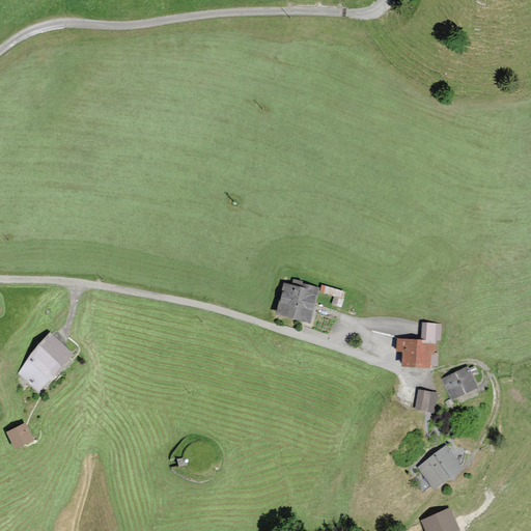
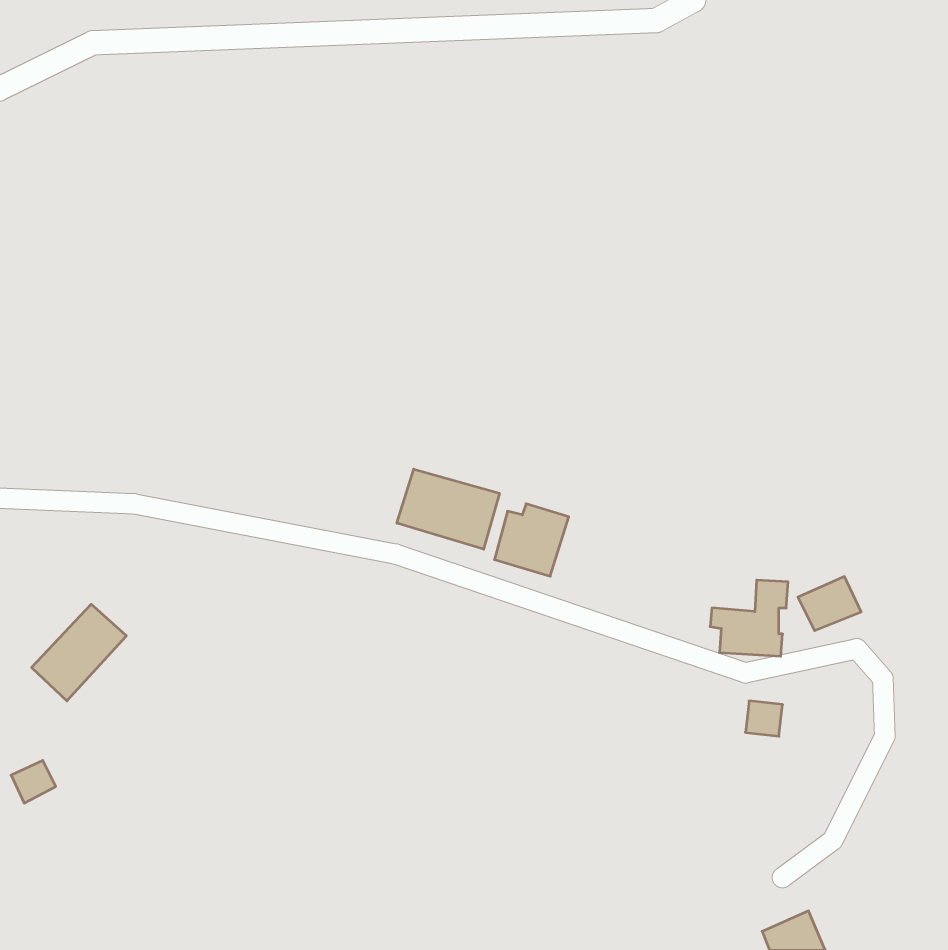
building: none -> [397,469,499,549]
building: [441,367,476,397] -> [798,577,861,631]
building: [418,442,464,483] -> none

